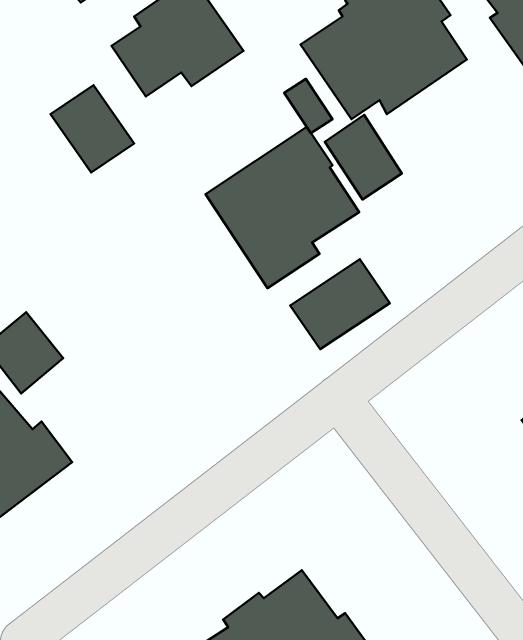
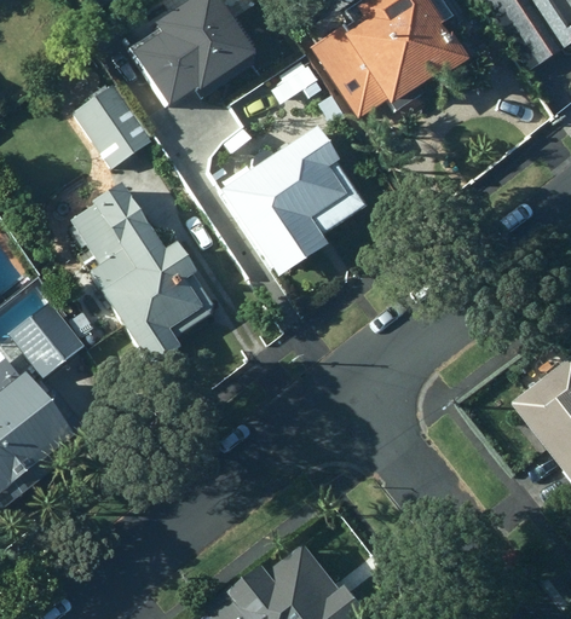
building: [325,115,402,199] -> none
building: none -> [68,183,210,366]
building: [290,259,390,349] -> none

